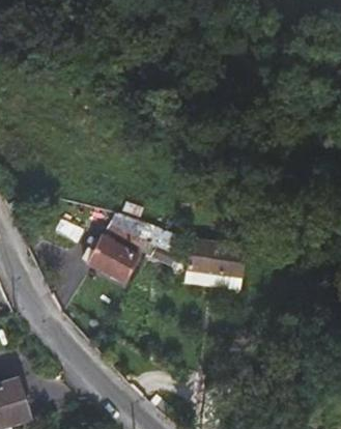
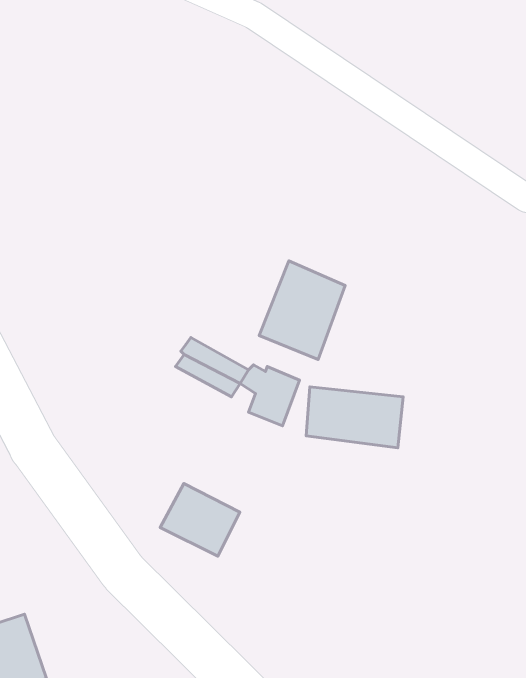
building: none -> [259,261,345,360]
building: [90,237,139,282] -> [160,483,240,556]

